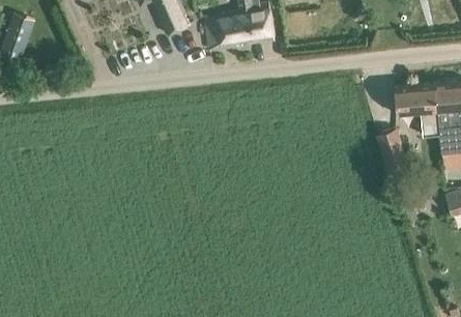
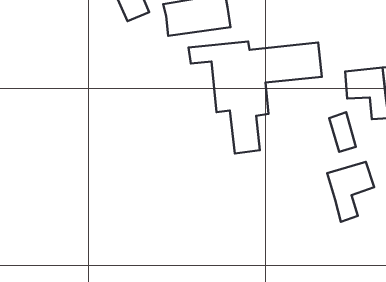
building: none -> [189,41,322,153]
building: none -> [327,162,374,222]

